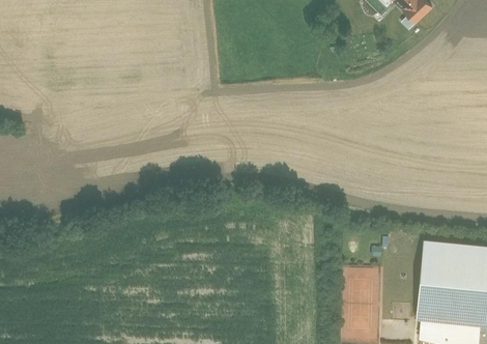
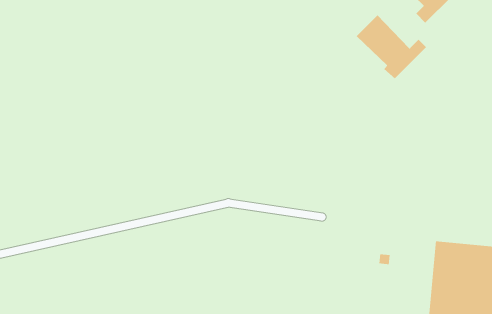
building: none -> [356,14,427,79]

